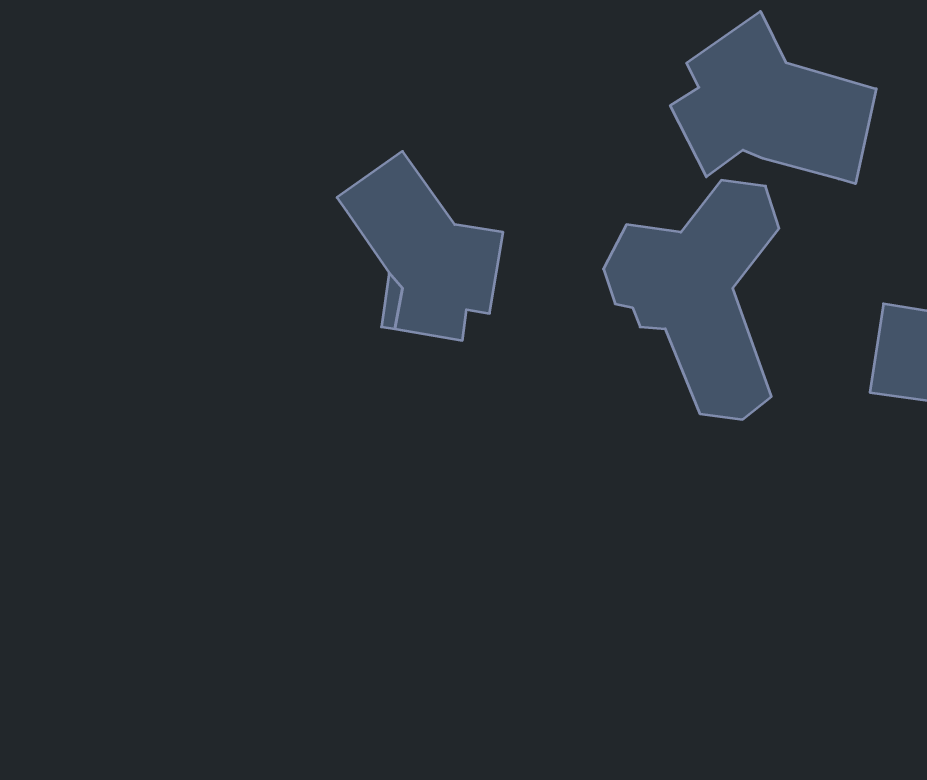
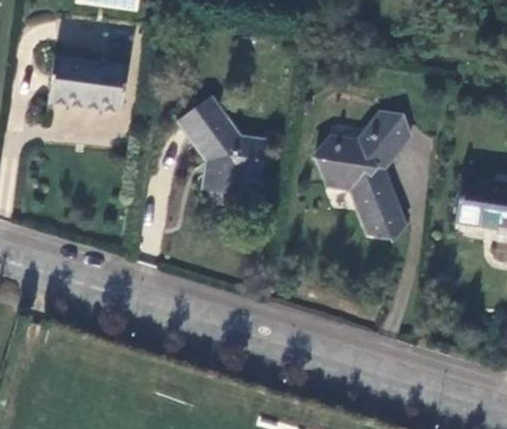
building: [670,11,876,184] -> none
building: none -> [48,54,126,114]

